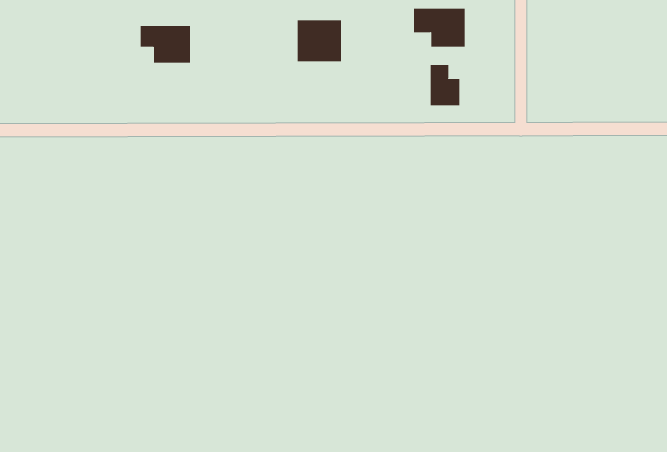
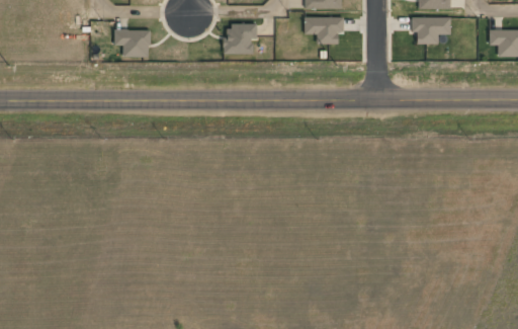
building: none -> [412,18,446,45]
building: [430,64,460,106] -> none

